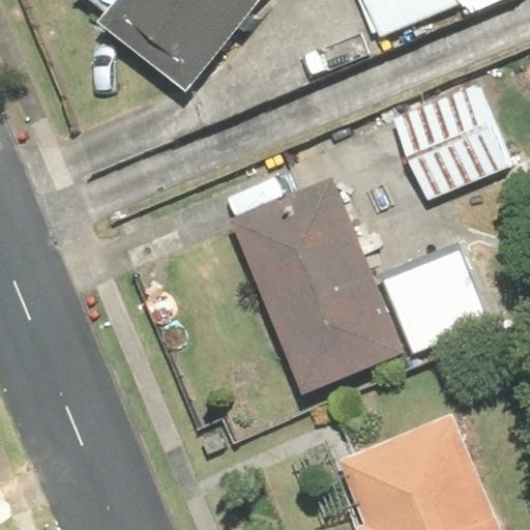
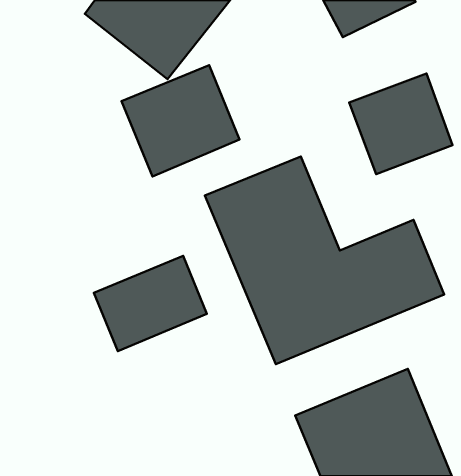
building: none -> [121,65,240,176]
building: none -> [94,256,207,351]

